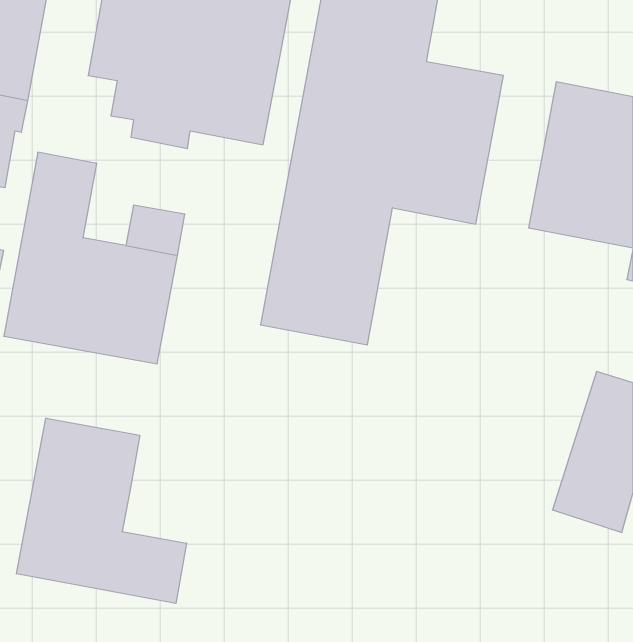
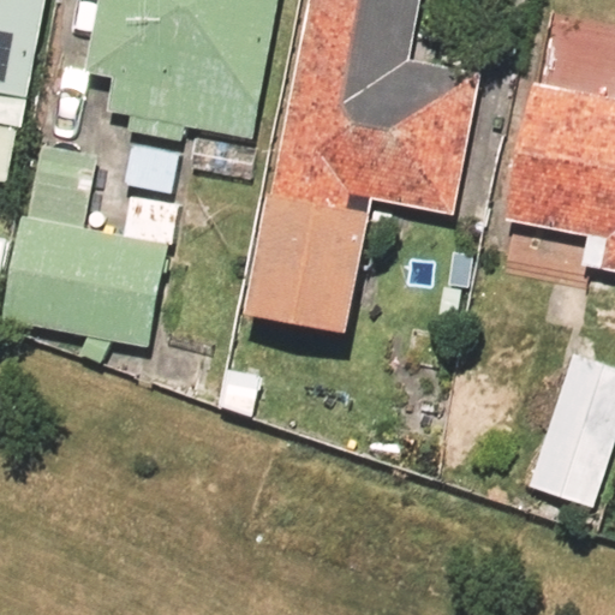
building: [16,418,187,603] -> none

